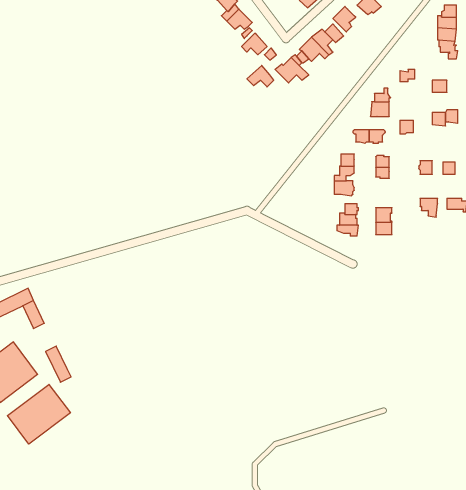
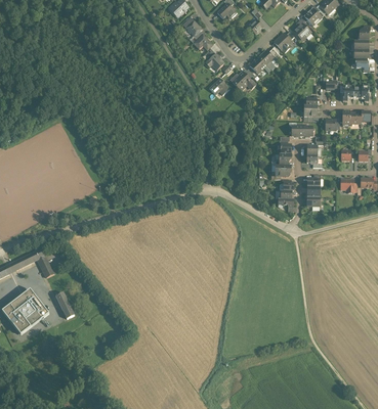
building: [7,384,70,444] -> none

